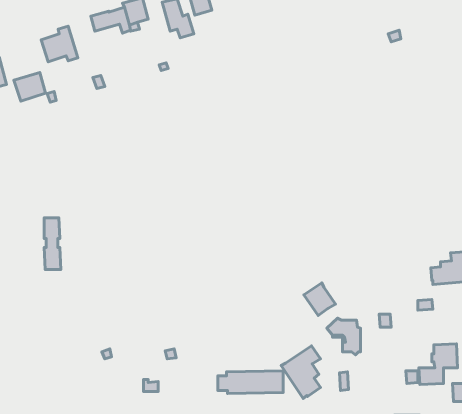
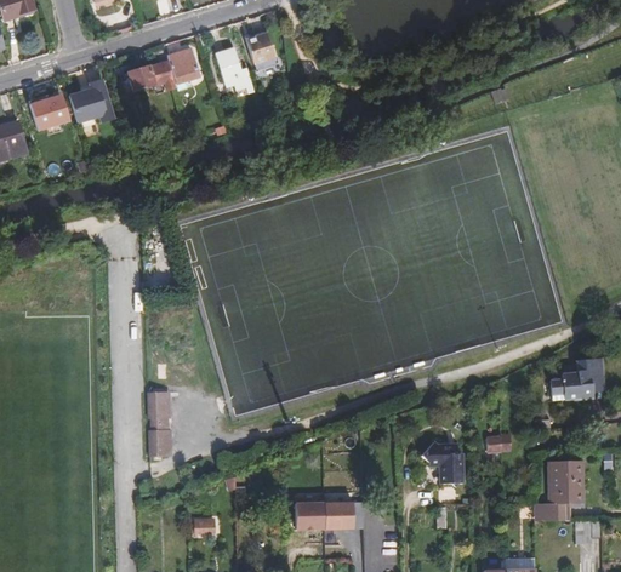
building: [14,72,46,101] -> [28,96,67,131]
building: [44,218,61,269] -> [153,394,173,457]
building: [304,283,336,315] -> none
building: [281,346,320,398] -> none

